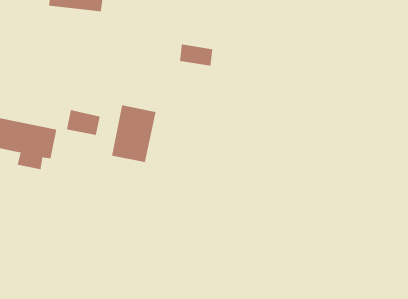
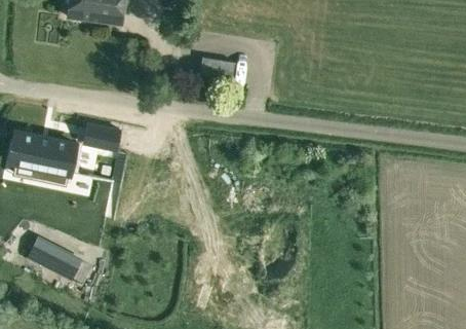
building: [111,105,156,163] -> none
building: none -> [29,237,82,279]

